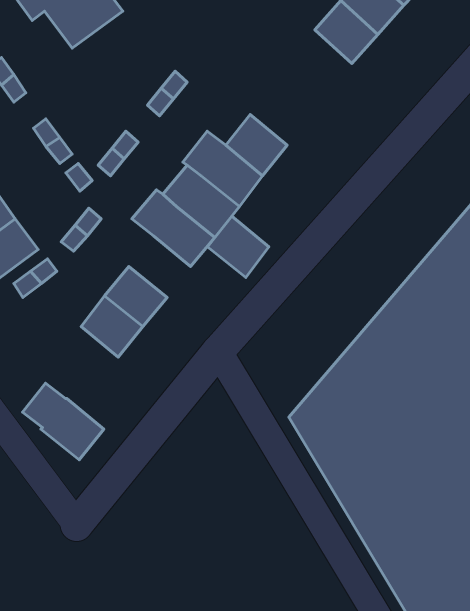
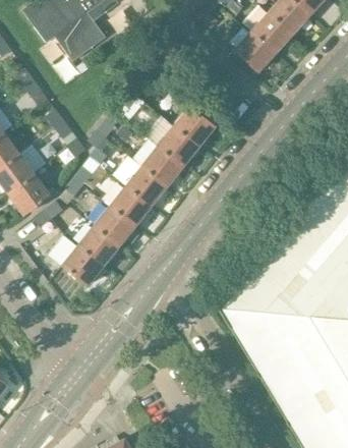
building: [207,216,269,278] -> [111,186,152,227]
building: [22,383,104,460] -> [50,236,104,287]

